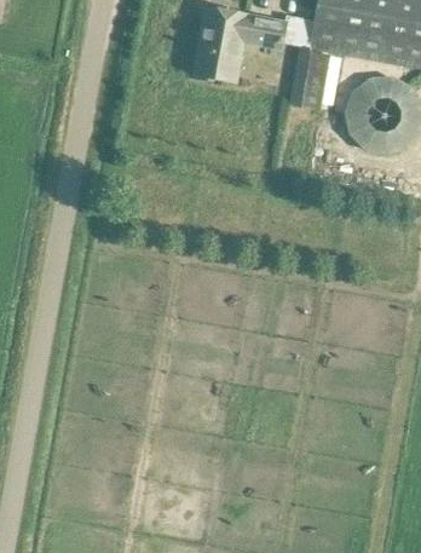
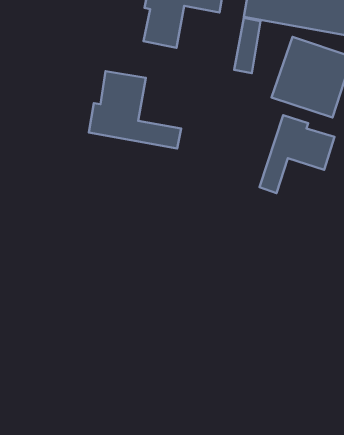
building: none -> [89,71,181,149]
building: none -> [260,115,334,193]

